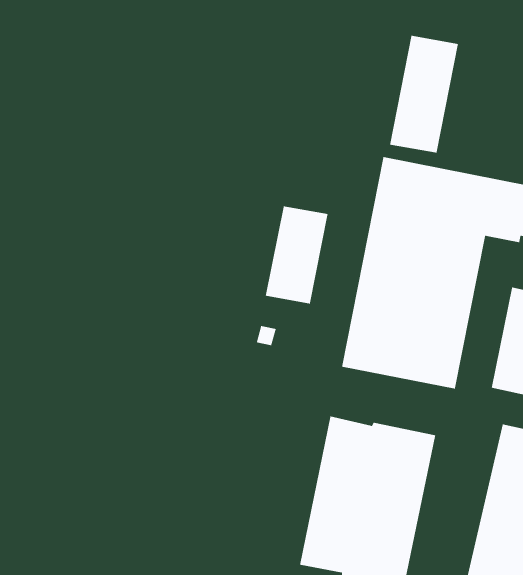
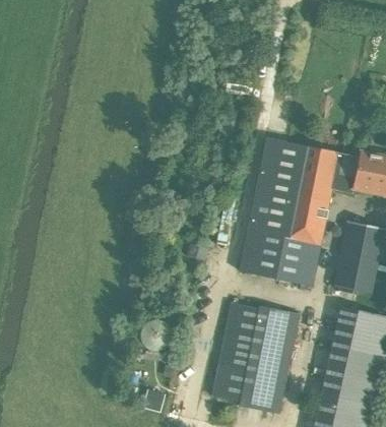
building: [389,35,459,154] -> none
building: [265,205,328,304] -> none

